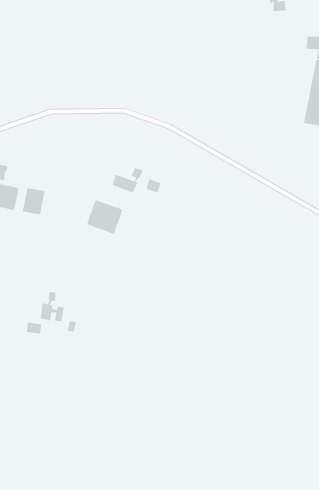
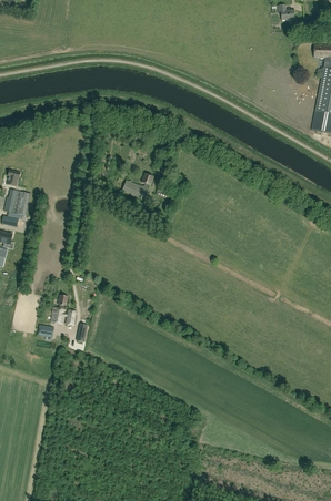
building: [22,187,45,215] -> none
building: [87,199,122,235] -> none

